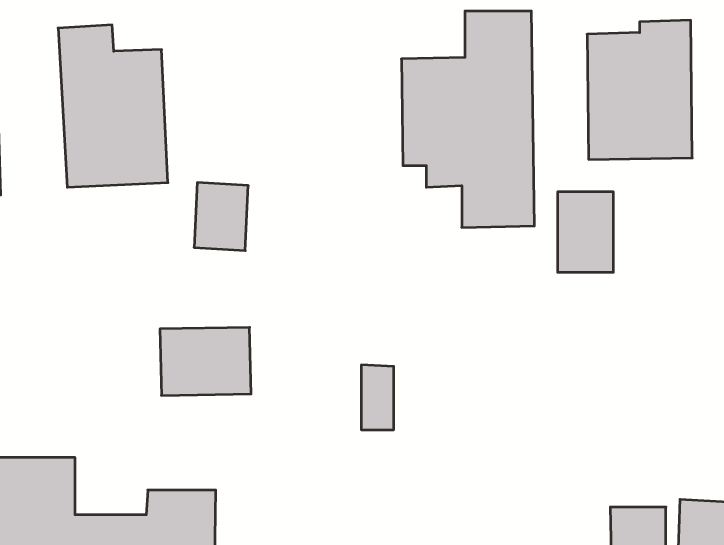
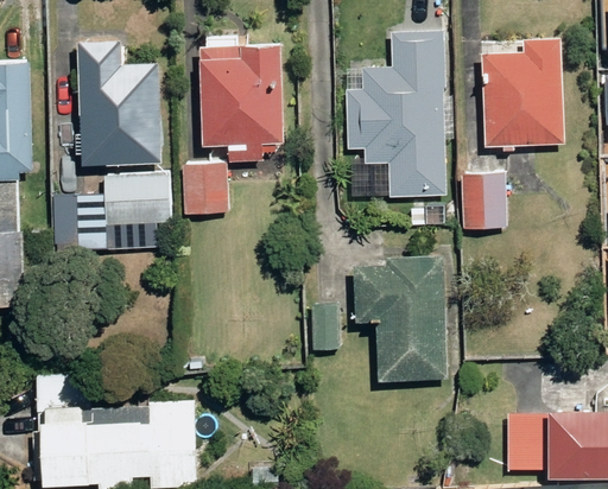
building: none -> [202,43,283,163]
building: none -> [355,259,445,382]
building: [160,327,251,395] -> [100,176,170,228]

